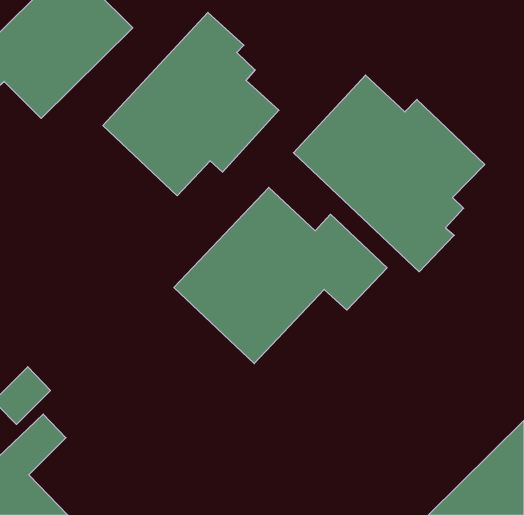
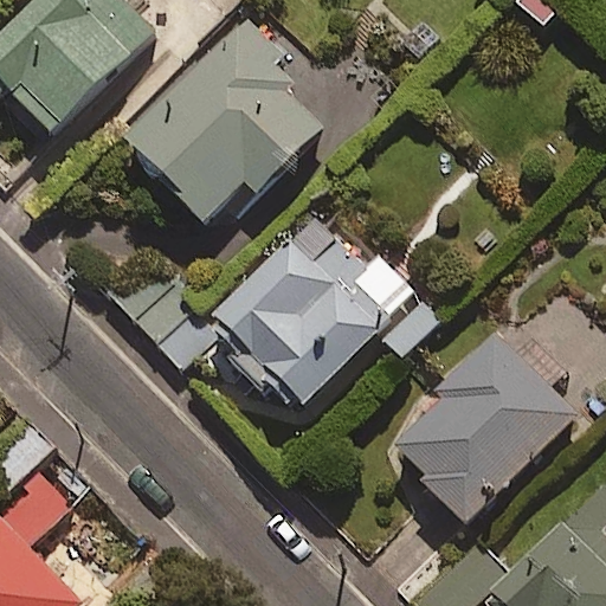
building: [293,75,485,272] -> none
building: none -> [391,329,575,526]

